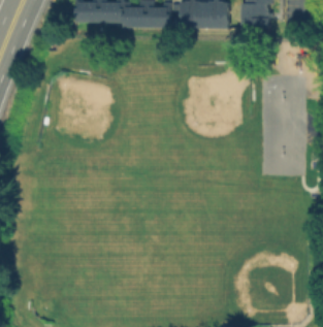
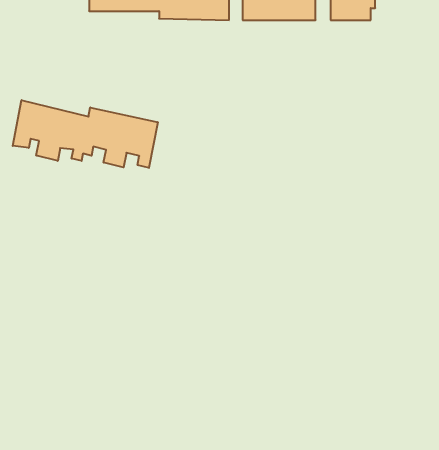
building: none -> [13,100,158,168]

